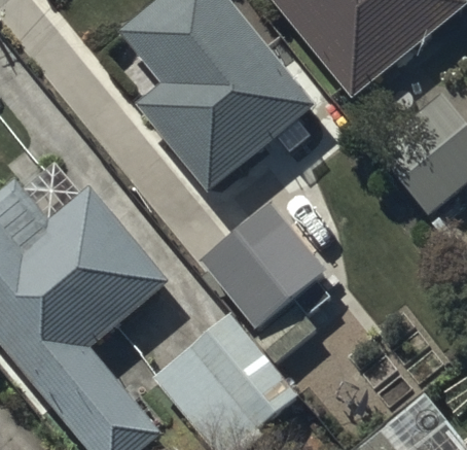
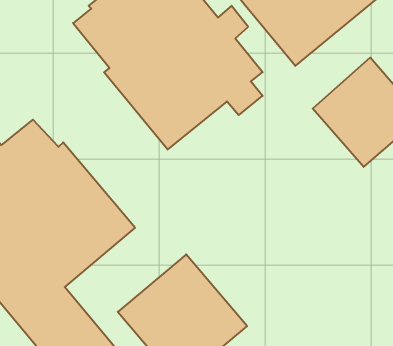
building: [200,203,334,358] -> none

